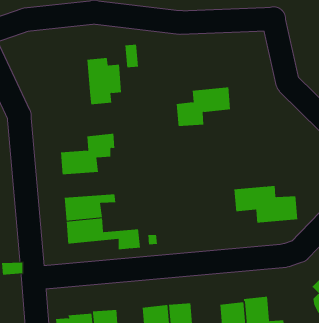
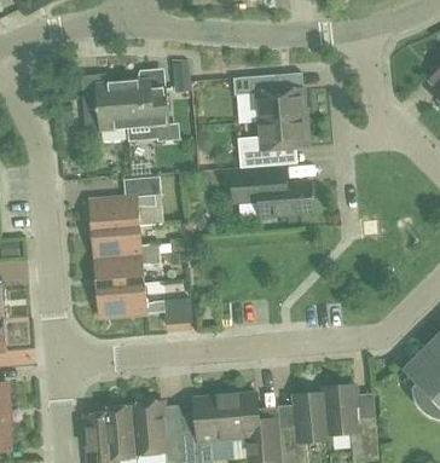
building: none -> [233,74,306,121]
building: none -> [83,81,128,132]
building: none -> [93,225,161,257]
building: [234,185,298,223] -> [232,168,314,216]

